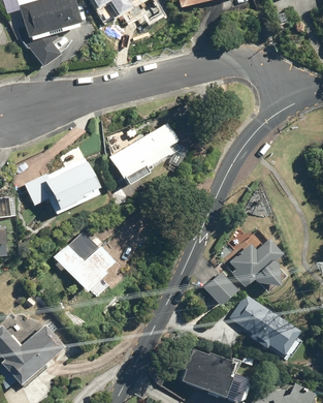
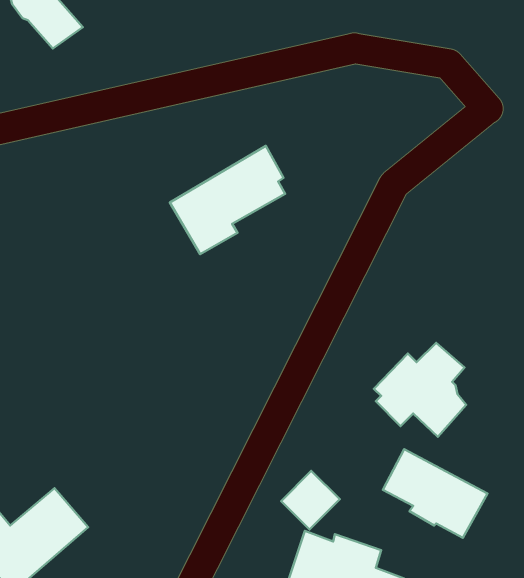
building: [24,148,103,215] -> none
building: [54,237,117,291] -> none
building: [202,271,236,305] -> [281,471,340,529]

